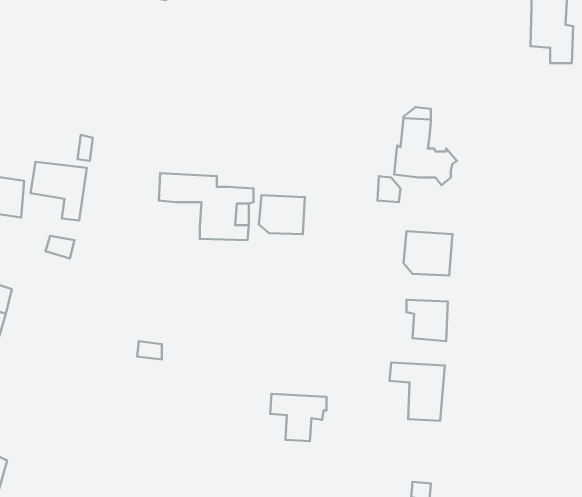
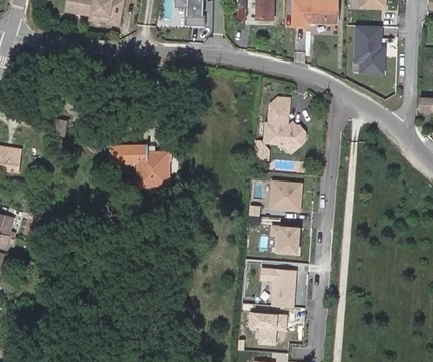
building: [30,162,87,220] -> none
building: [259,195,305,234] -> none
building: [270,394,327,441] -> [252,311,289,342]

